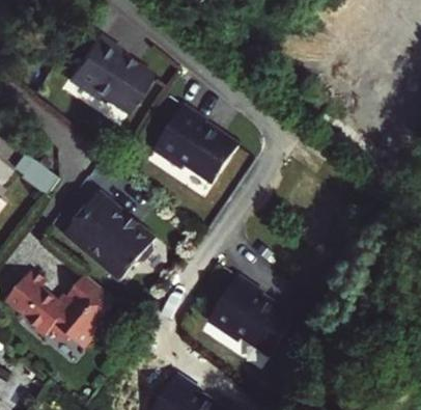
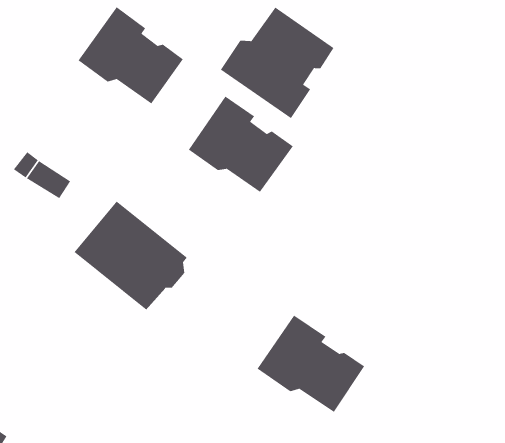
building: none -> [220,7,334,119]
building: [8,270,114,348] -> none

